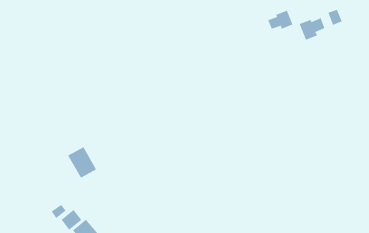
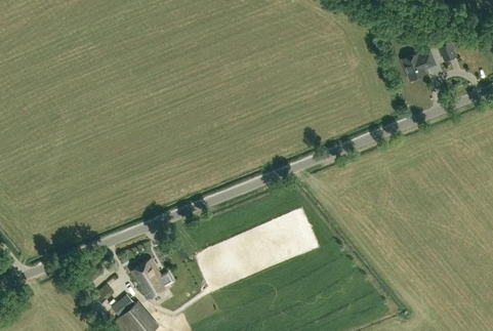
building: [267,10,293,30] -> none
building: [67,147,97,179] -> [131,260,168,300]

